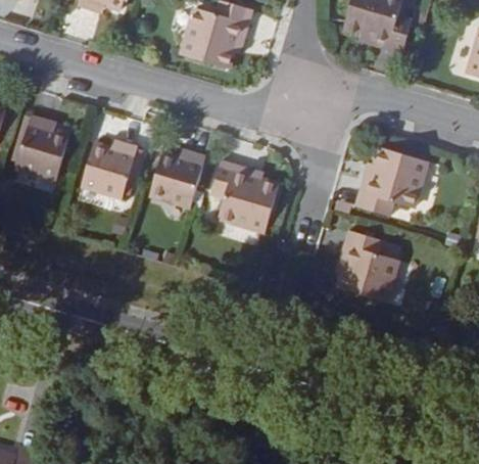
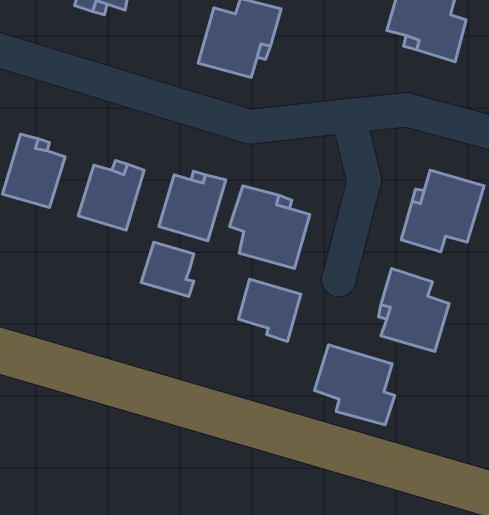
building: none -> [141,242,194,297]
building: none -> [238,279,301,341]
building: none -> [314,345,395,425]

